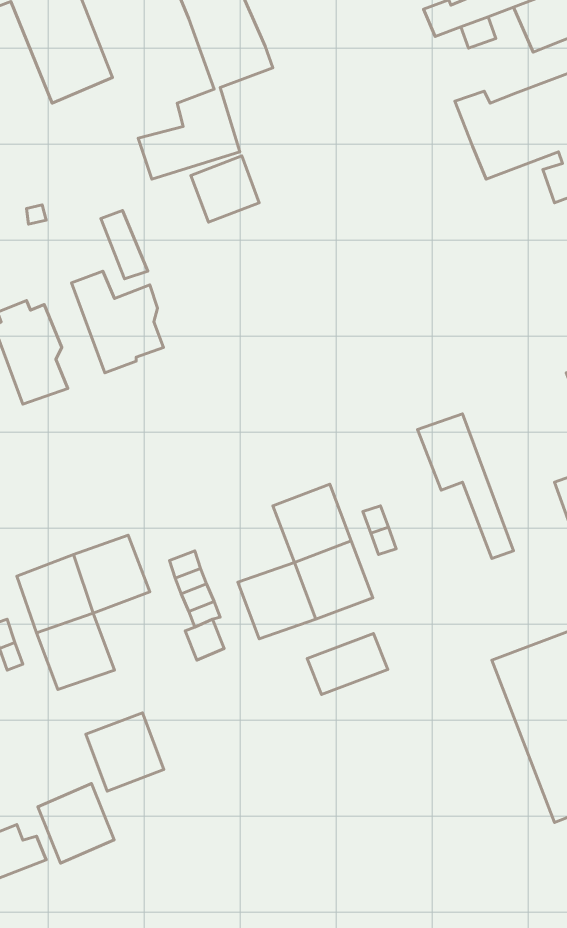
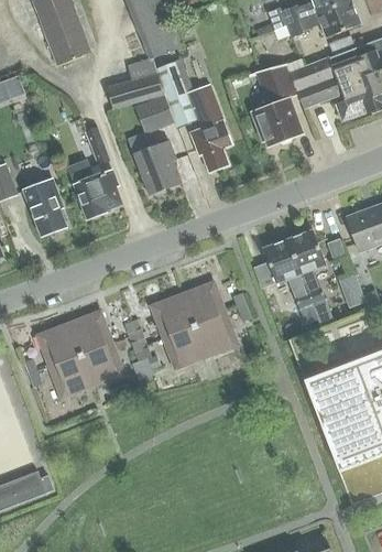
building: none -> [156,58,230,170]
building: none -> [249,65,302,144]
building: none -> [132,140,179,194]
building: none -> [287,230,329,317]
building: none -> [150,292,193,335]
building: [307,633,388,695] -> none
building: [86,713,164,791] -> [79,340,123,385]
building: [38,783,114,863] -> none

